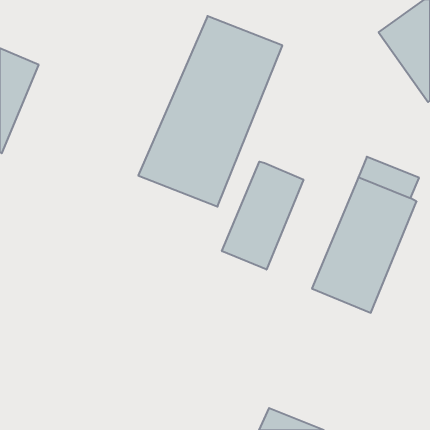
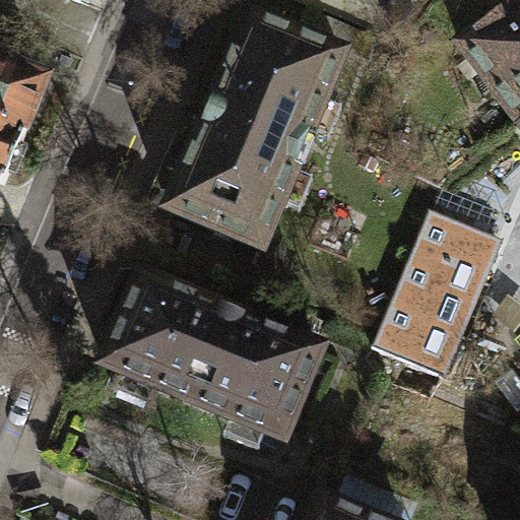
building: [222,162,303,270] -> none
building: none -> [104,275,321,441]

